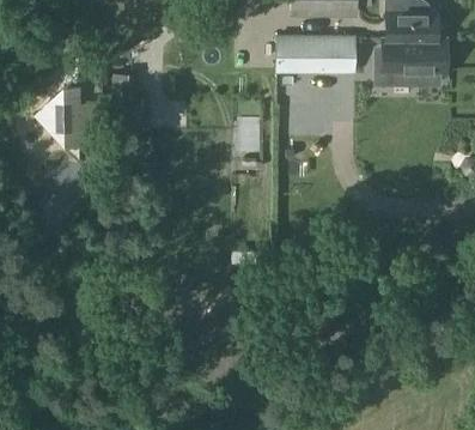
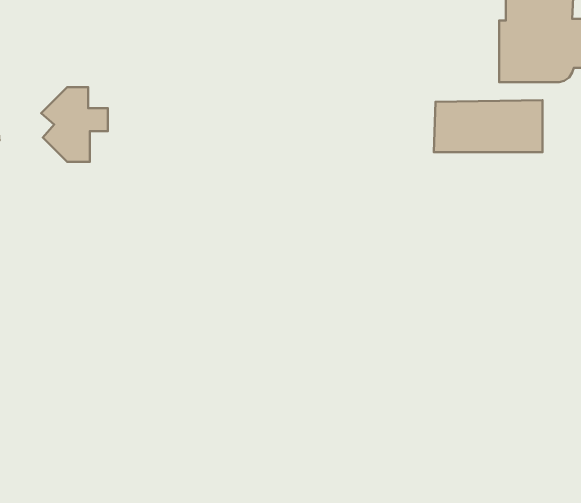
building: [275,36,355,74] -> [434,100,543,152]

